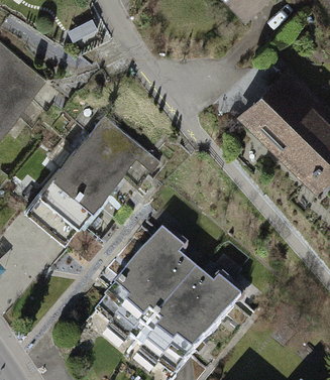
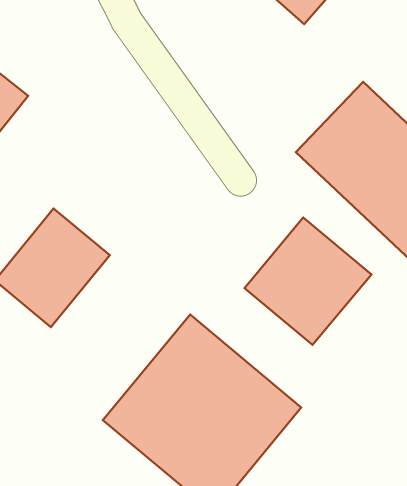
building: [66,115,159,193] -> none
building: none -> [244,218,371,345]

